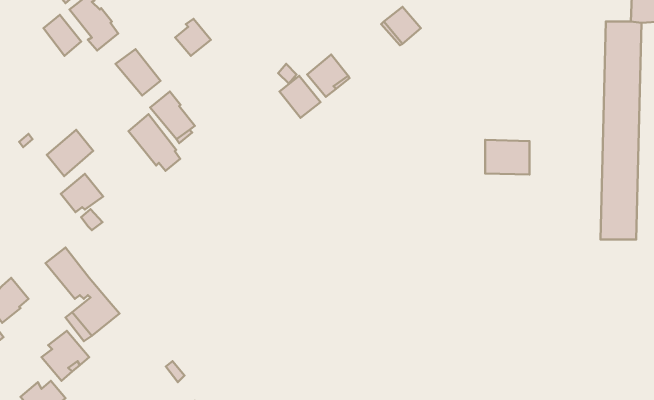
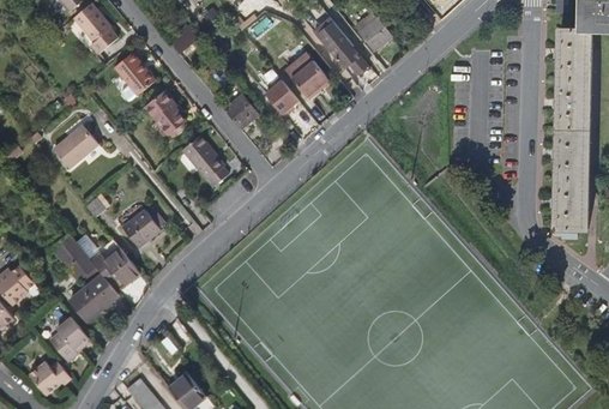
building: none -> [314,19,367,72]
building: [43,15,81,56] -> none
building: none -> [223,92,257,127]
building: [129,114,180,171] -> [181,134,228,186]
building: [485,140,530,175] -> none
building: [61,174,103,212] -> [121,210,159,245]
building: none -> [91,249,137,282]

